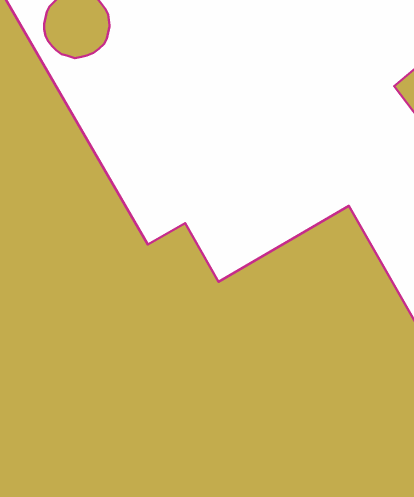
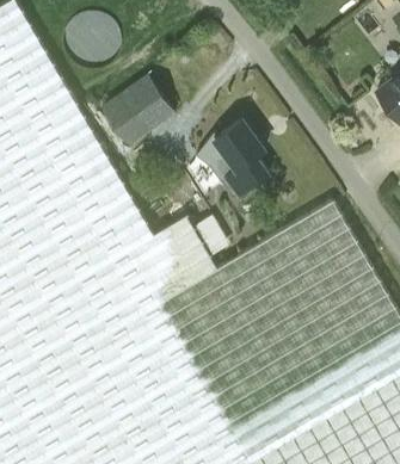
building: none -> [103,73,178,144]
building: none -> [196,119,271,200]

